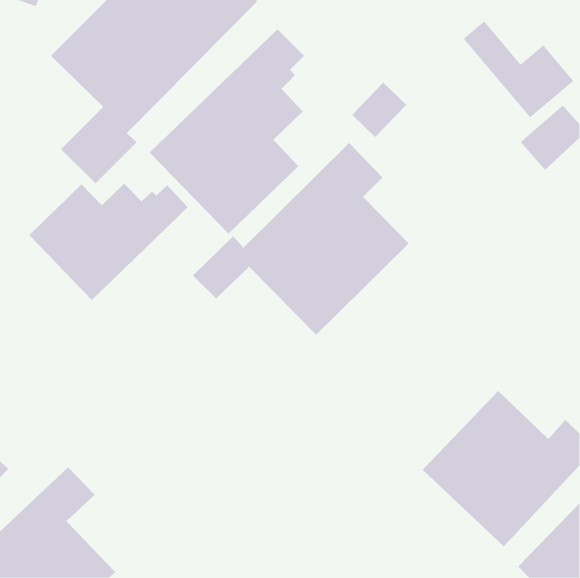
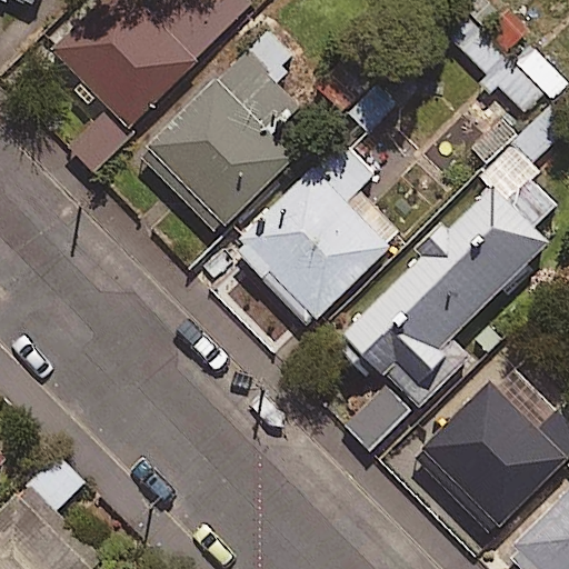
building: none -> [333,157,557,451]
building: [28,183,188,301] -> none

